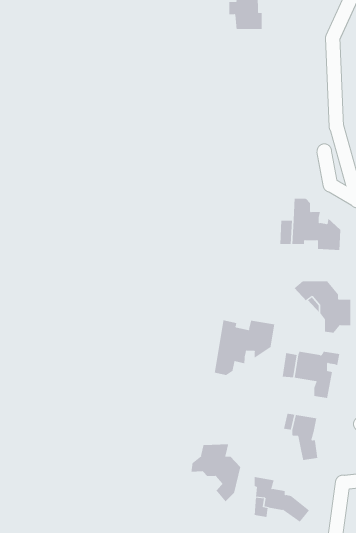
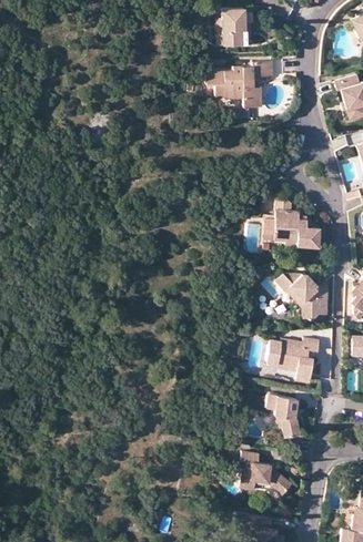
building: none -> [206,62,273,109]
building: [214,319,275,376] -> none
building: [191,444,241,502] -> none

